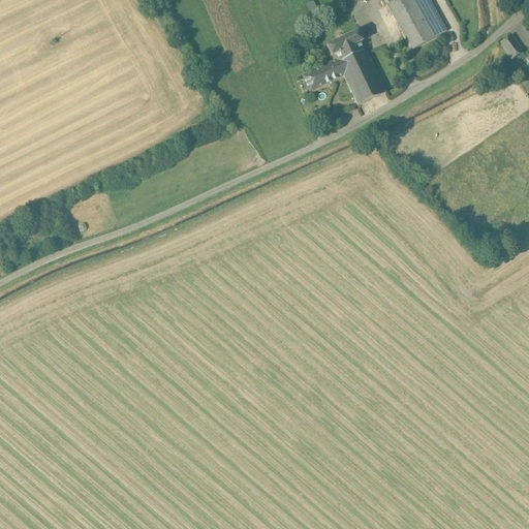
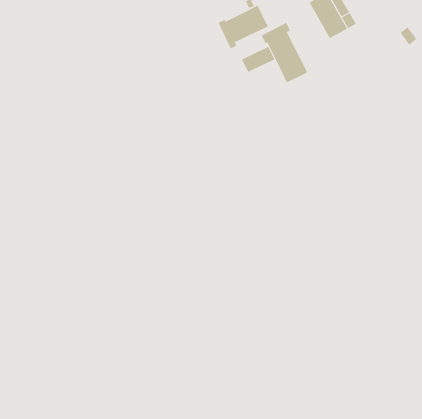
building: none -> [218,5,269,49]

